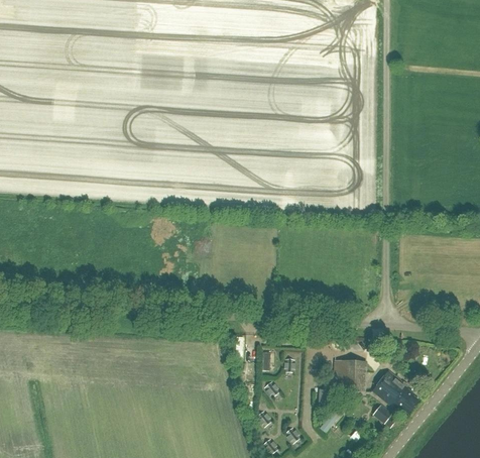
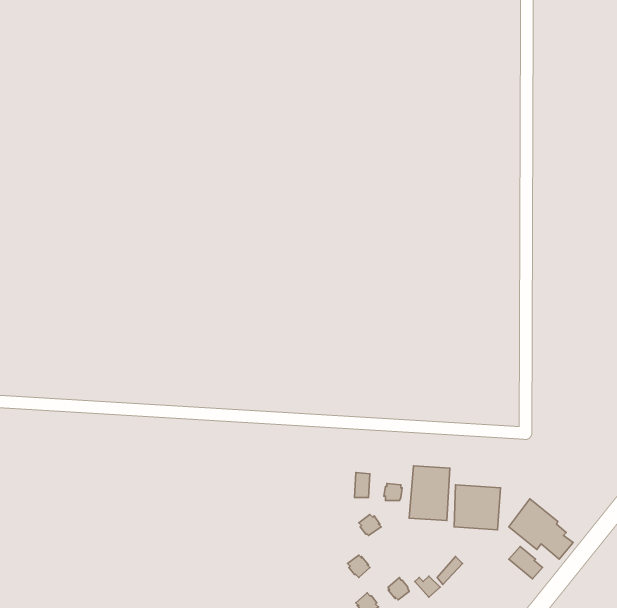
building: none -> [409,466,450,521]

